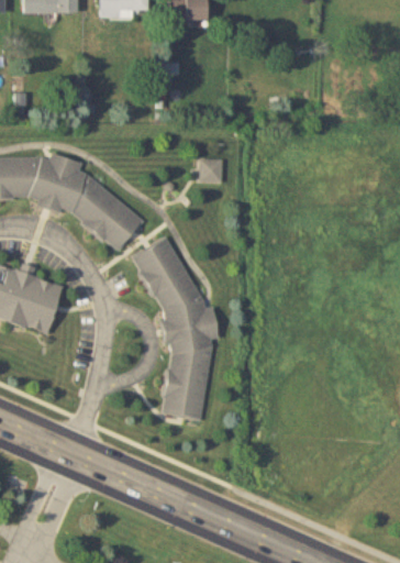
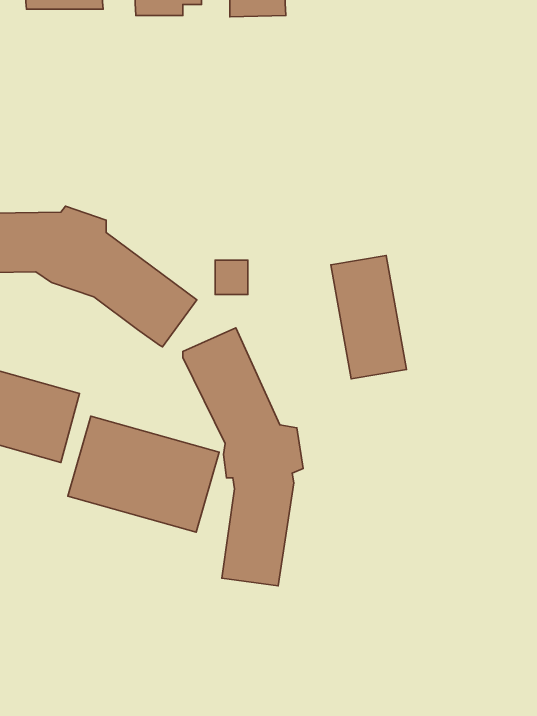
building: [200,158,223,183] -> [215,260,248,294]
building: none -> [331,256,406,379]
building: none -> [68,416,219,532]

